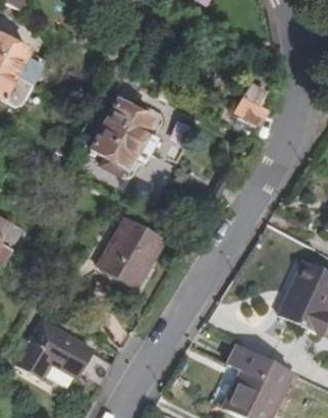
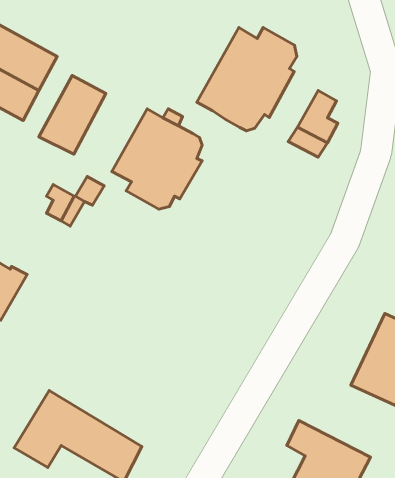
building: none -> [197,28,297,131]
building: none -> [39,75,106,154]
building: [99,218,164,288] -> none

